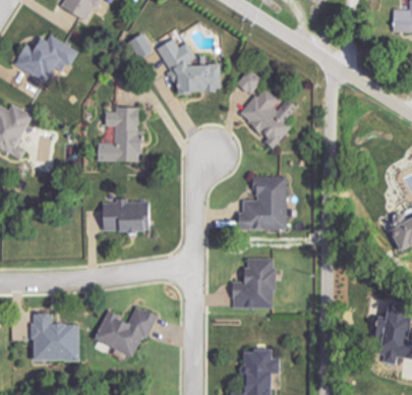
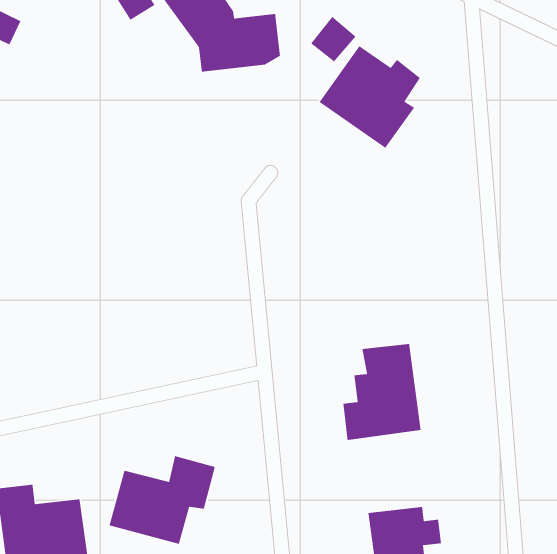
building: [95,106,138,161] -> none
building: [239,182,286,229] -> none
building: [100,200,153,232] -> none

